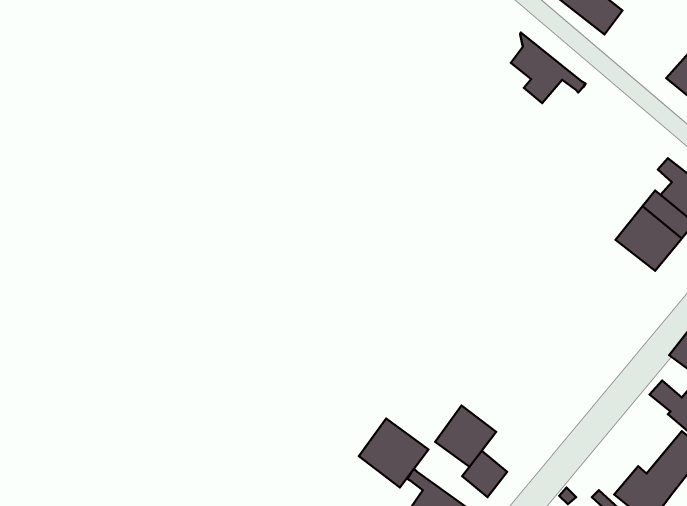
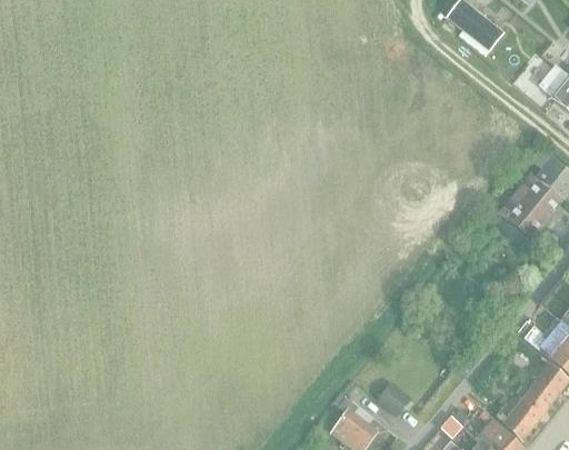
building: [511,33,585,103] -> none
building: [435,406,496,467] -> none
building: [359,419,428,488] -> none

